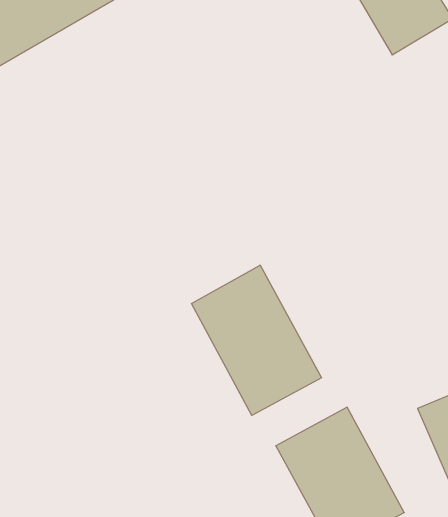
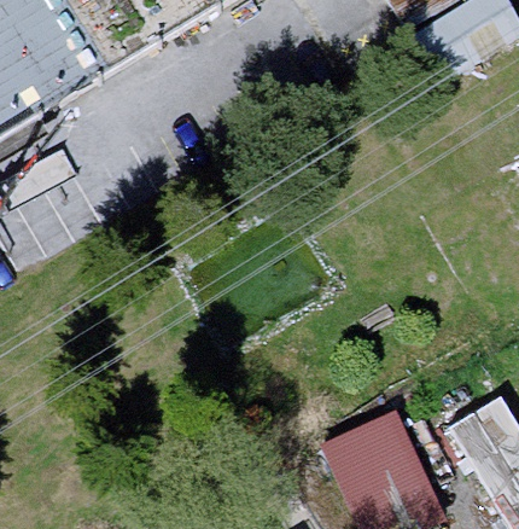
building: [191,265,321,415] -> none

